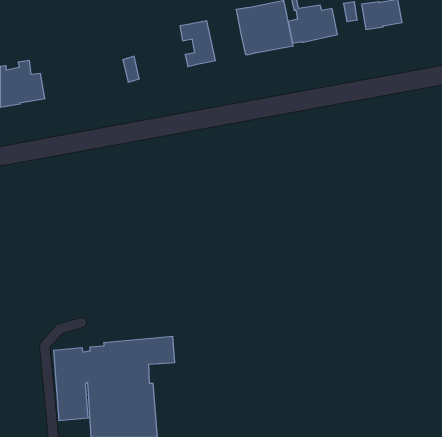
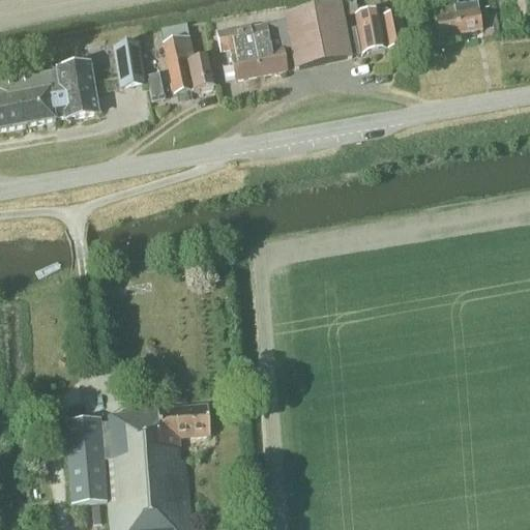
building: none -> [247,18,289,72]
building: none -> [163,35,214,92]
building: none -> [112,41,144,86]
building: none -> [35,63,95,118]

